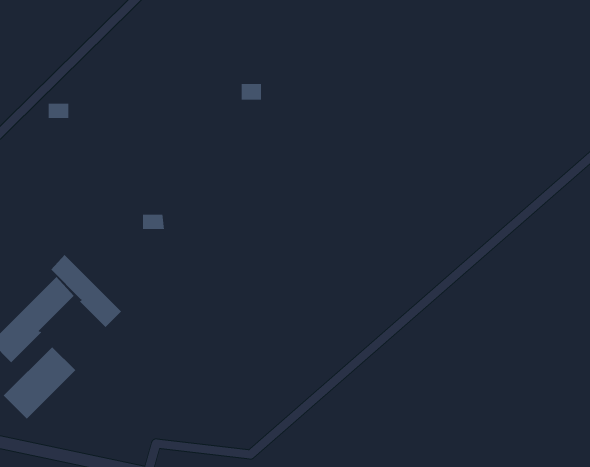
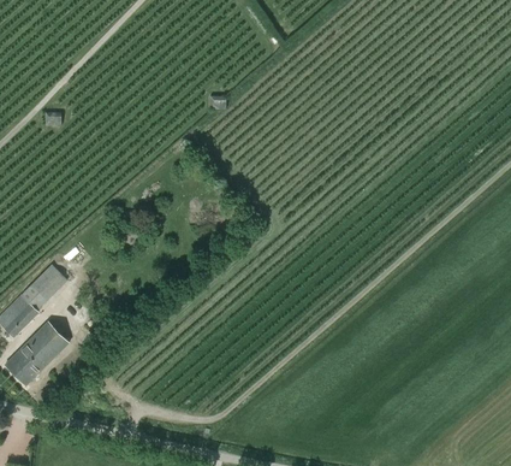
building: [50,254,122,328] -> none

